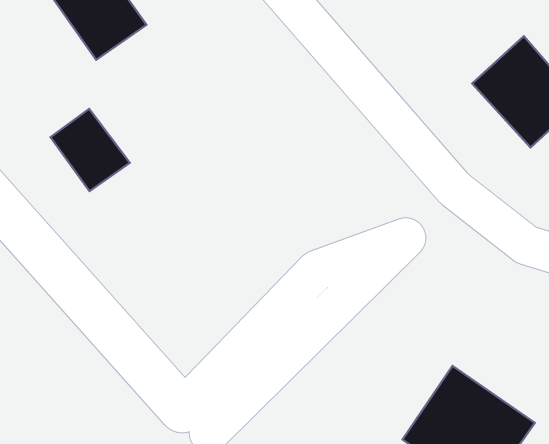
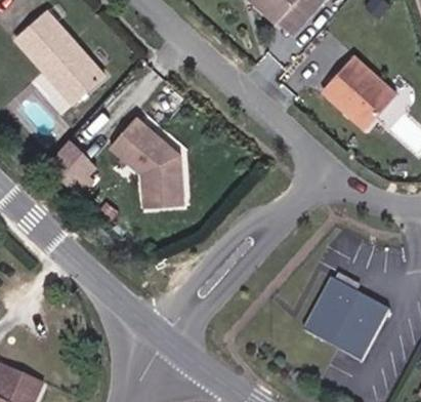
building: none -> [111,117,182,208]

